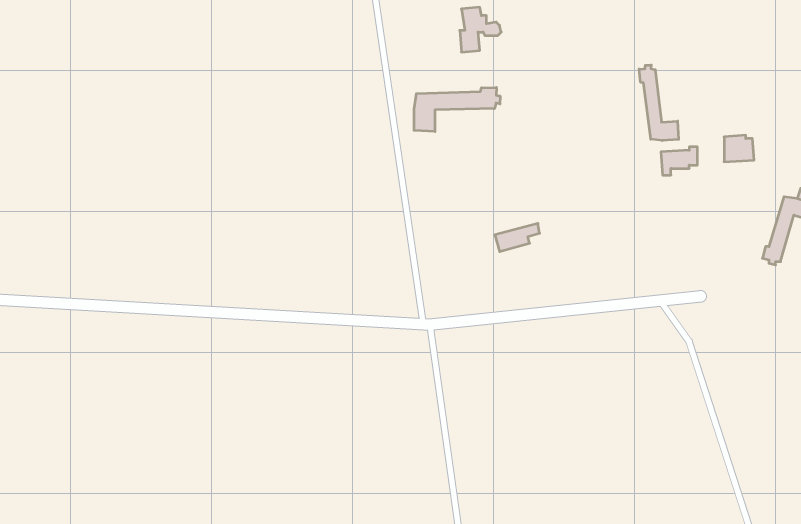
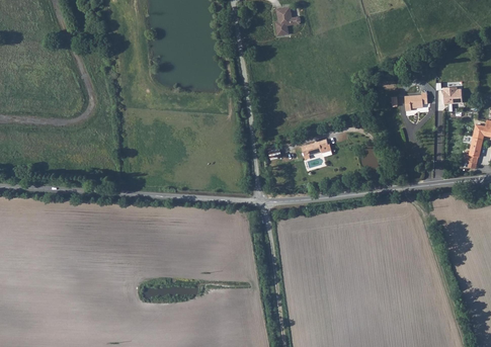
building: [639,65,679,141] -> none
building: [414,87,500,132] -> none

